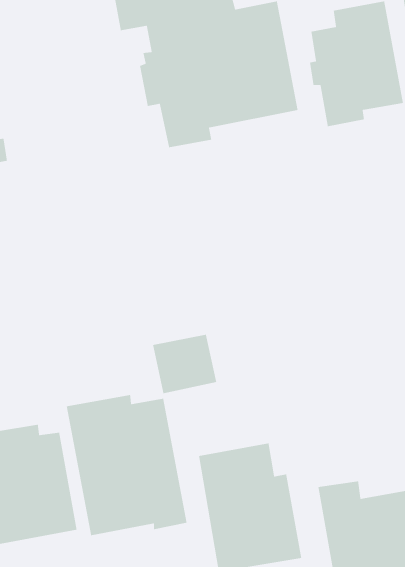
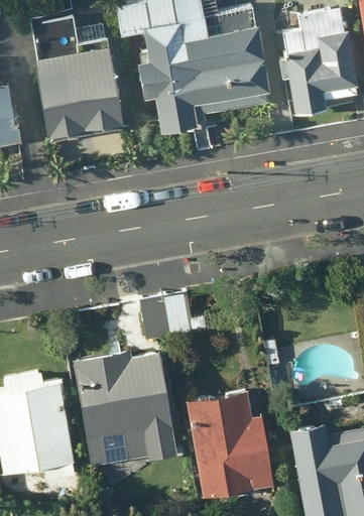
building: none -> [32,18,123,144]

